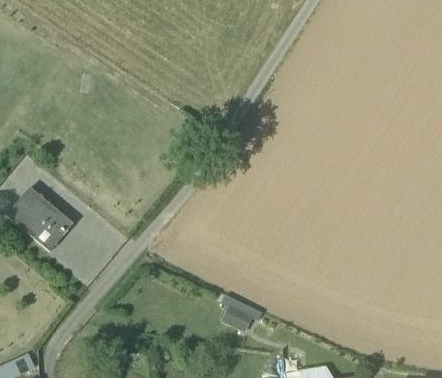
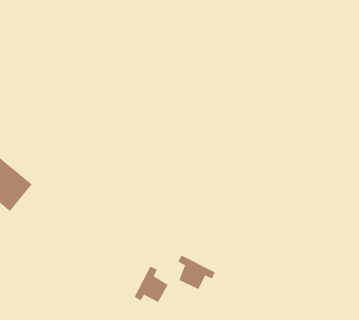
building: none -> [134,266,168,303]

